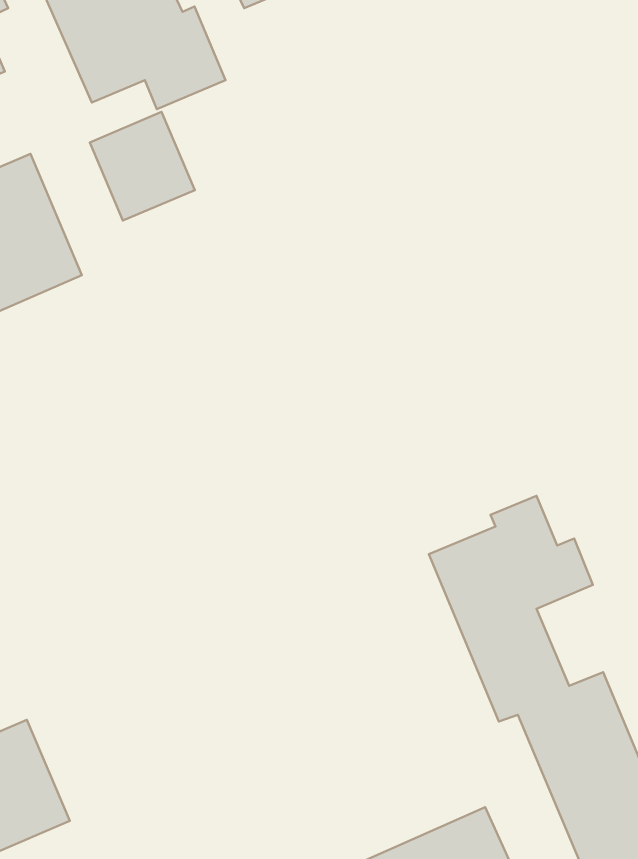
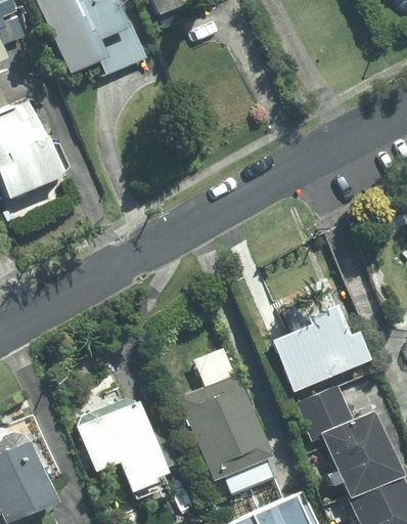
building: [90,112,195,221] -> none
building: none -> [181,373,272,494]
building: none -> [76,394,169,492]

